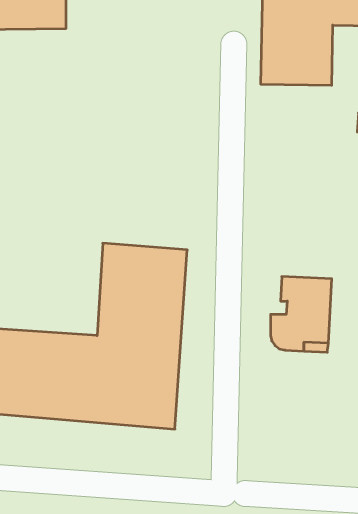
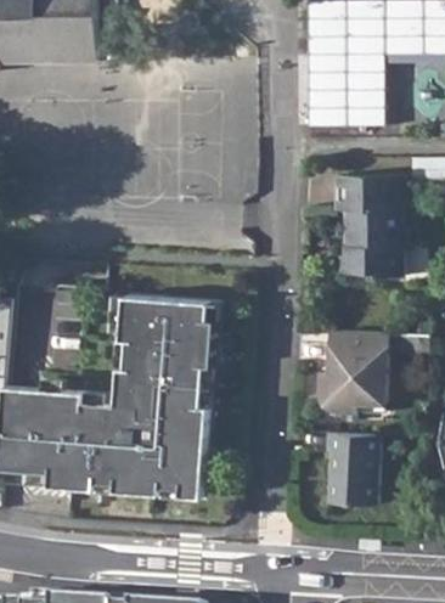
building: none -> [332,175,401,277]
building: none -> [322,433,377,505]

